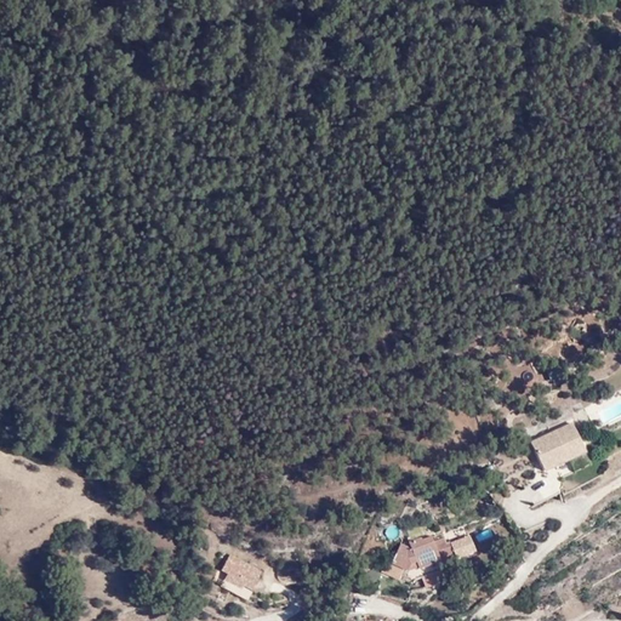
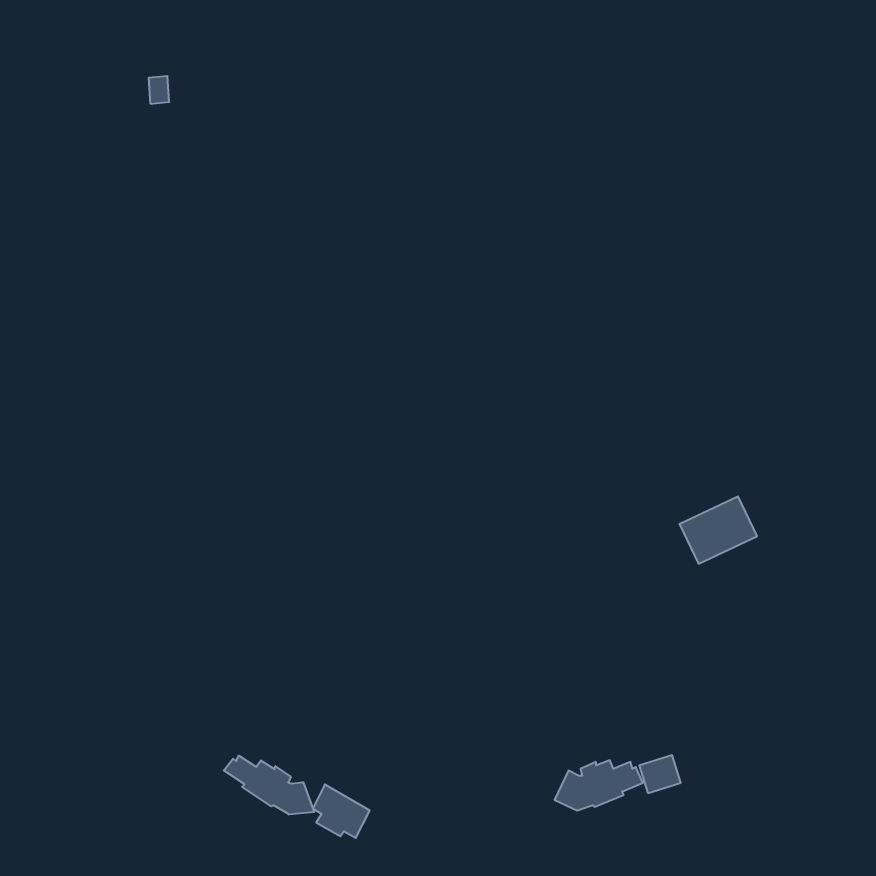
building: [528,426,582,473] -> [679,496,757,564]
building: none -> [224,756,314,815]

